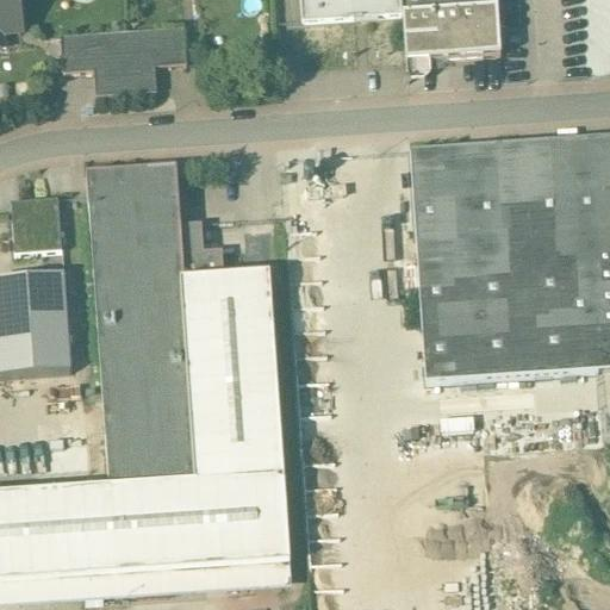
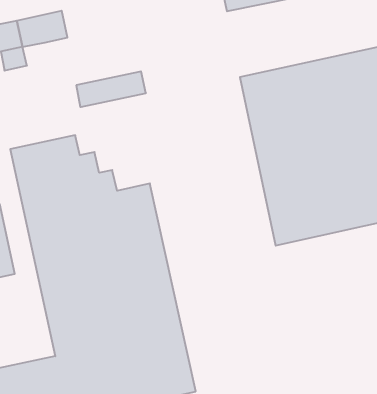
building: [125,66,157,93] -> none
building: [87,166,179,201] -> [76,71,146,107]

